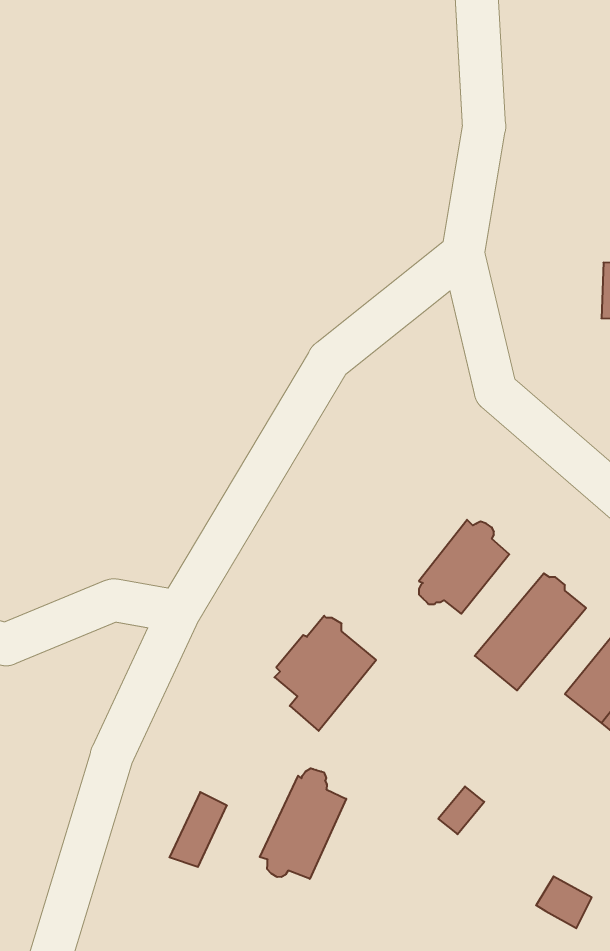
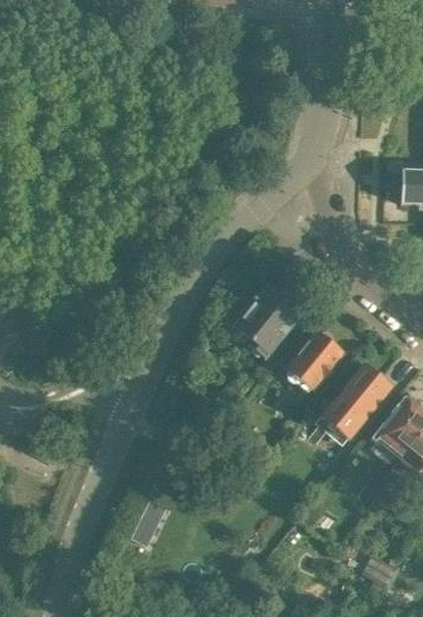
building: [274,616,376,731] -> [235,286,299,358]
building: [260,768,346,879] -> none

